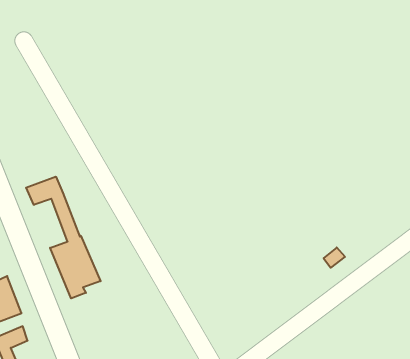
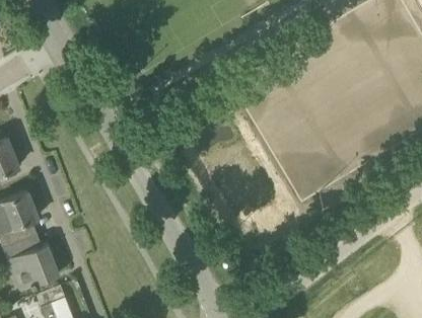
building: [26,177,101,298] -> none

